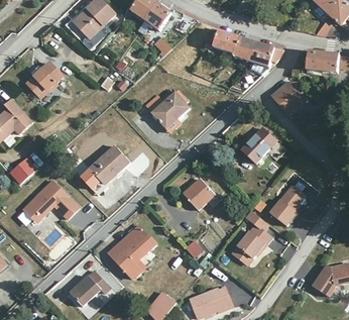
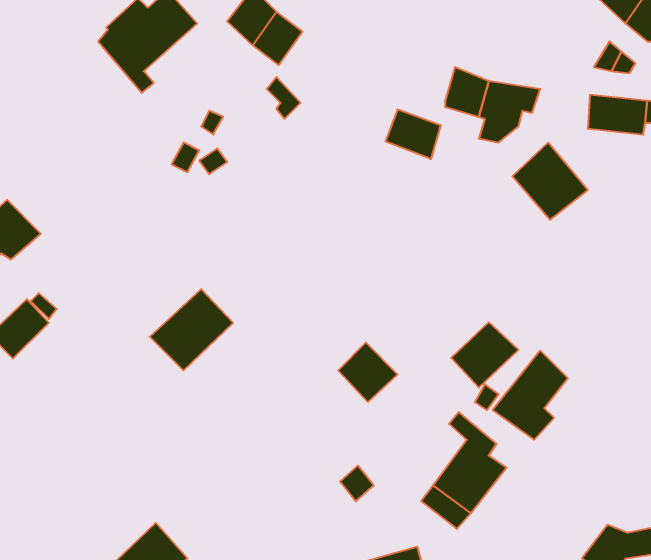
building: [217,27,245,52] -> [385,110,441,159]
building: [27,65,64,98] -> none
building: [151,92,191,128] -> none
building: [241,127,275,161] -> [451,322,518,388]
building: [23,182,79,221] -> none
building: [108,223,155,279] -> none

